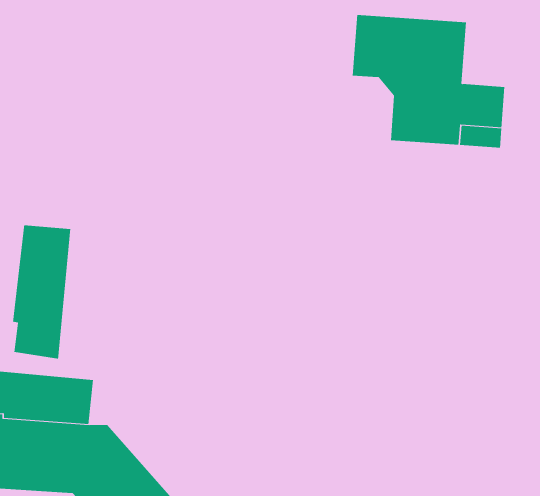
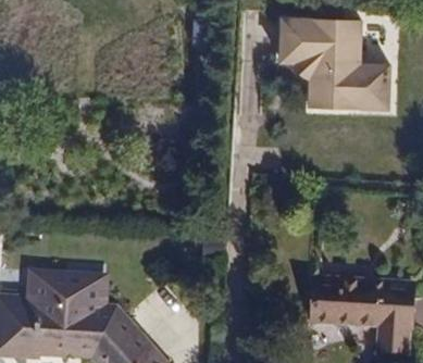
building: [13,225,71,360] -> none
building: none -> [311,278,412,350]

